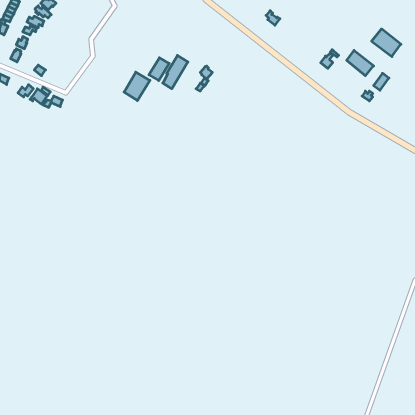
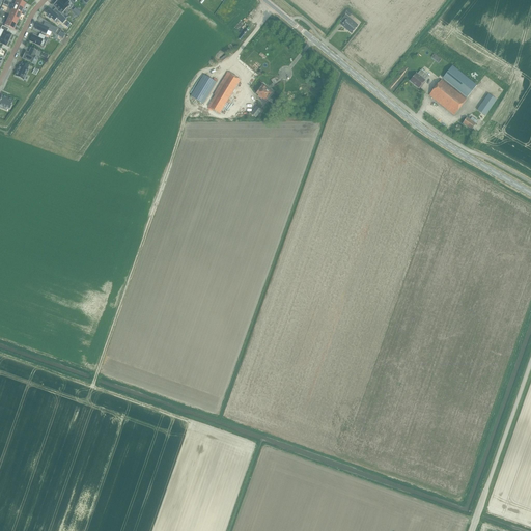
building: [372,29,401,57] -> [427,79,465,114]
building: [124,72,150,101] -> none

